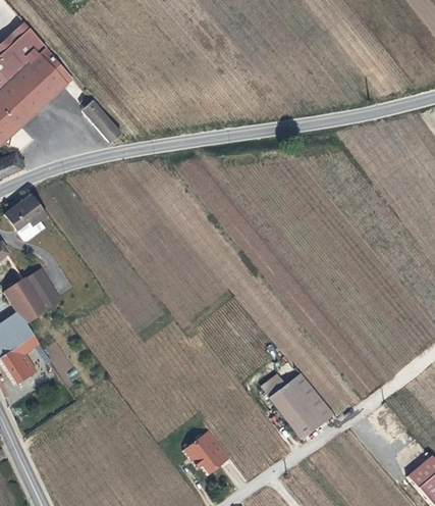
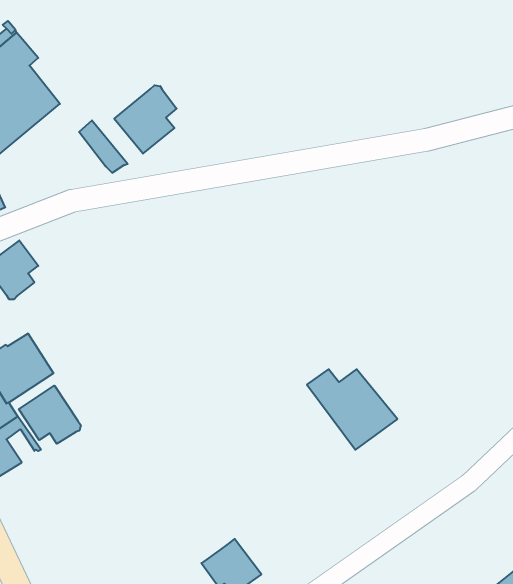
building: none -> [114,85,177,154]
building: none -> [19,386,81,444]
building: [259,376,331,441] -> [307,369,397,450]

